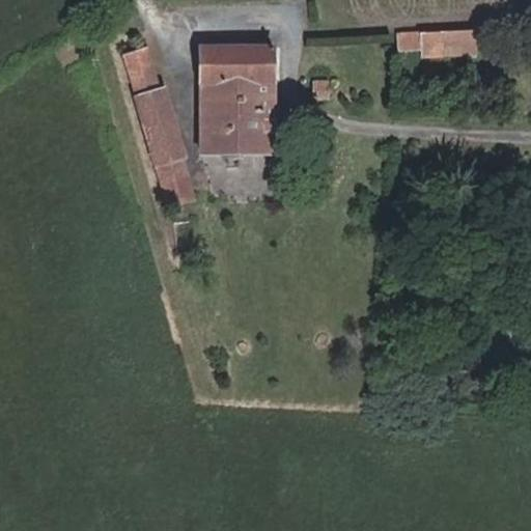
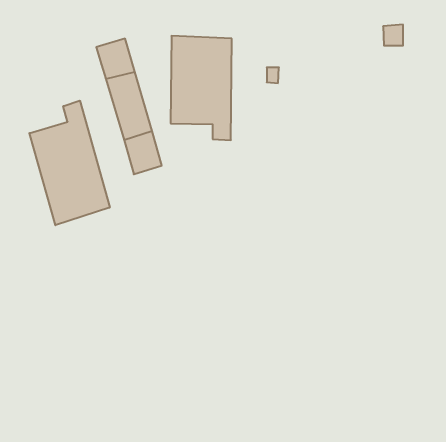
building: [400,31,455,55] -> none
building: none -> [29,101,110,225]

